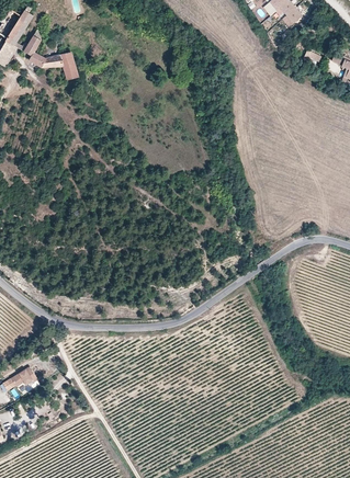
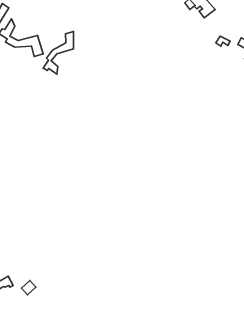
building: none -> [43,31,73,74]

